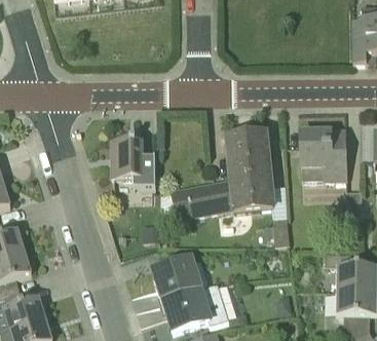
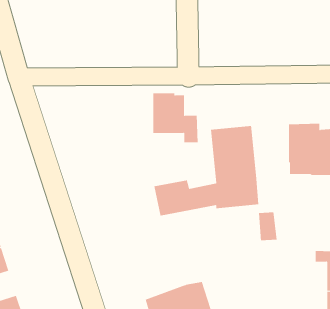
building: [111,135,155,183] -> [153,93,199,143]
building: [151,253,200,297] -> none

